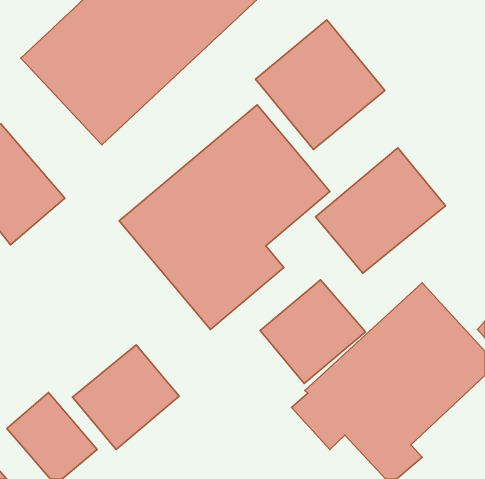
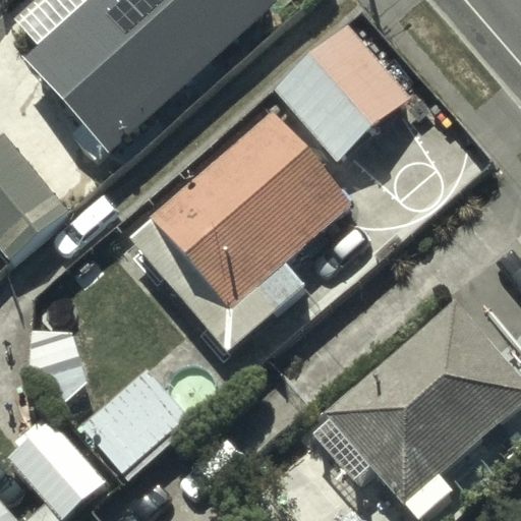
building: [316,148,446,273] -> none
building: [260,280,365,384] -> none

